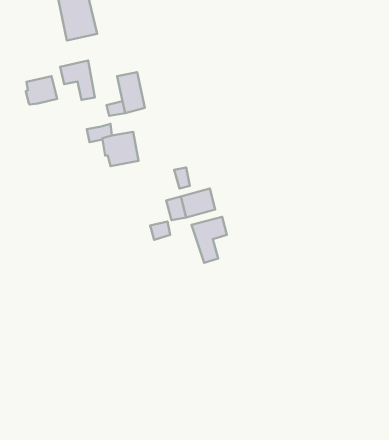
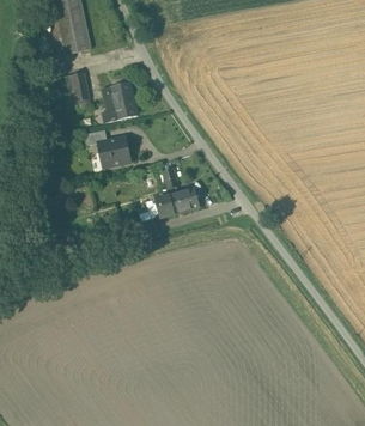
building: [26,76,57,105] -> none
building: [192,217,227,263] -> none

